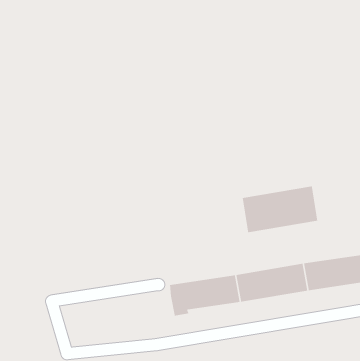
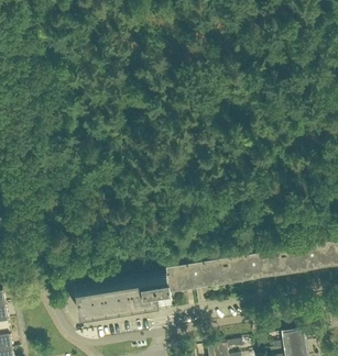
building: [242,186,318,233] -> none
building: none -> [74,276,170,313]

